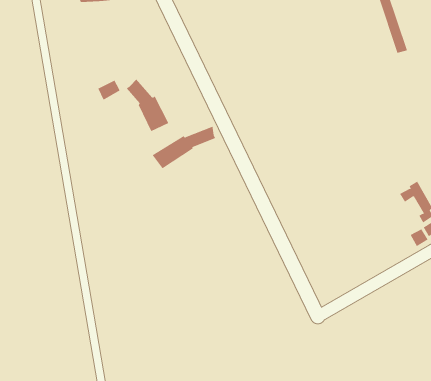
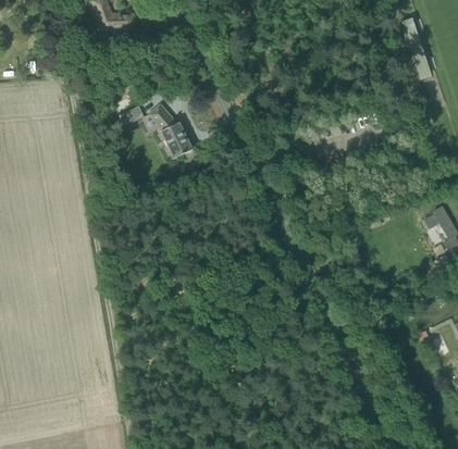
building: [152,126,216,169] -> none

